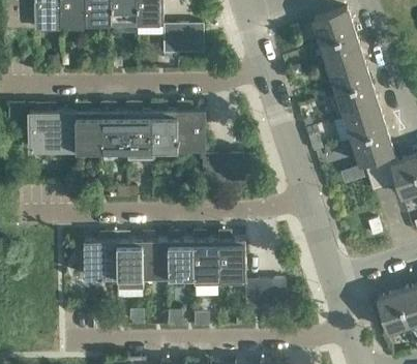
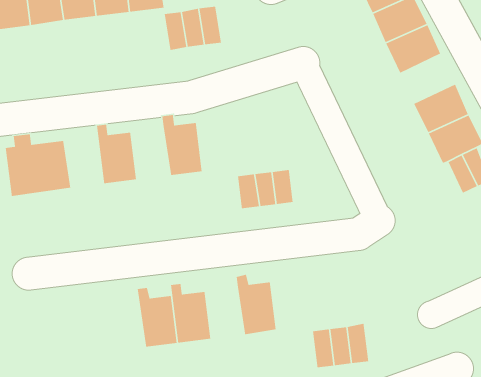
building: [336,85,378,120] -> none
building: [177,105,204,152] -> none
building: [75,107,100,152] -> none
building: [126,107,152,152] -> none
building: [218,234,245,279] -> none
building: [84,235,117,281] -> none
building: [167,235,193,280] -> none

